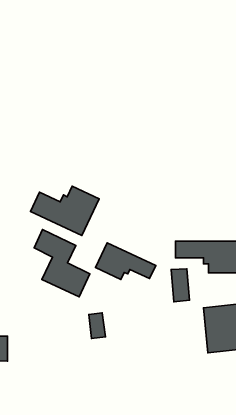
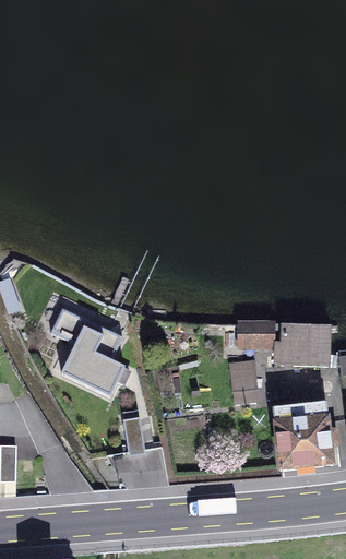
building: [30,186,99,235] -> none
building: [95,243,156,280] -> none

